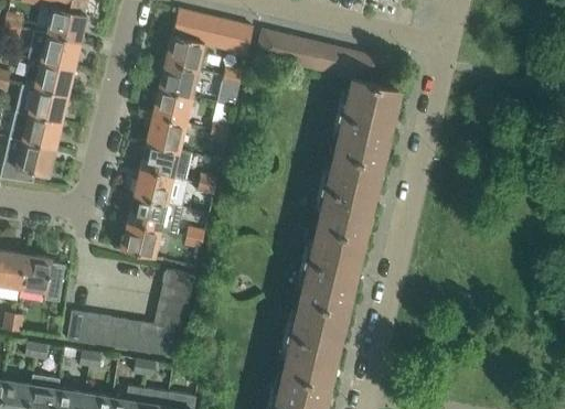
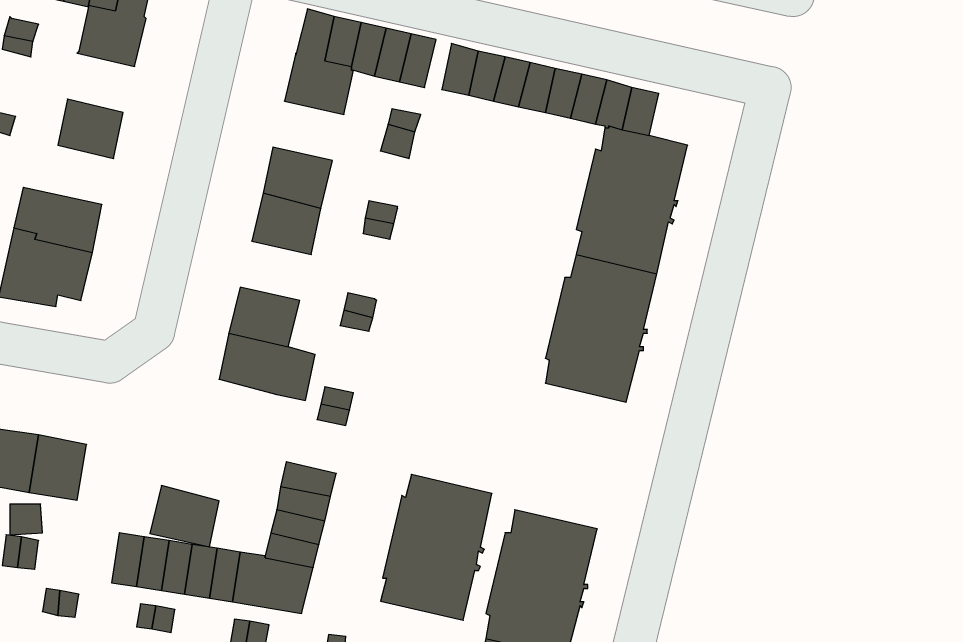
building: [30,30,81,68] -> none
building: [160,62,201,96] -> none
building: [17,85,68,121] -> none
building: [141,142,193,179] -> none
building: [122,222,162,257] -> [150,486,219,547]
building: [299,224,363,308] -> [381,474,492,620]

